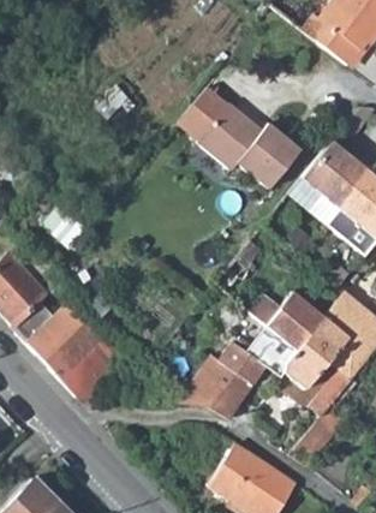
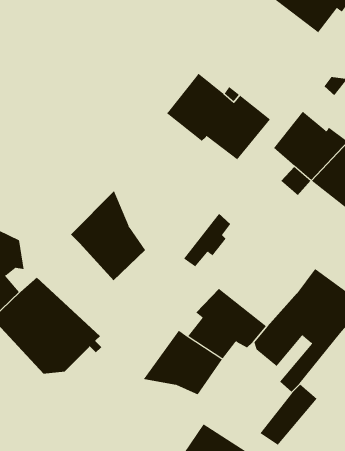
building: [178,88,228,141] -> none
building: none -> [70,190,146,281]
building: [251,292,327,350] -> none

